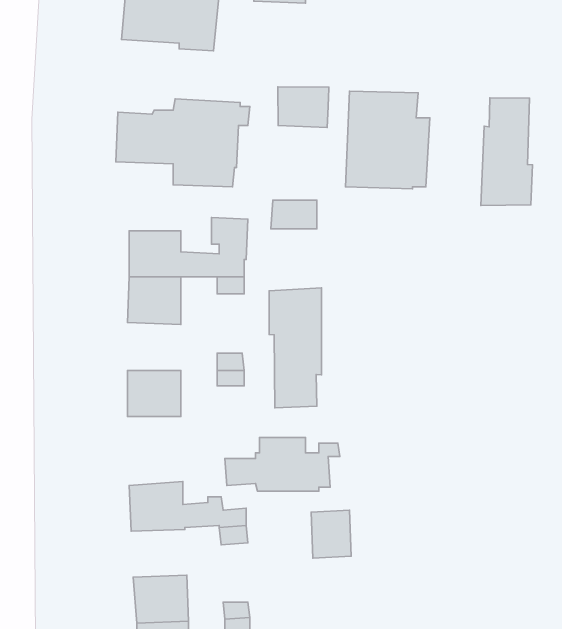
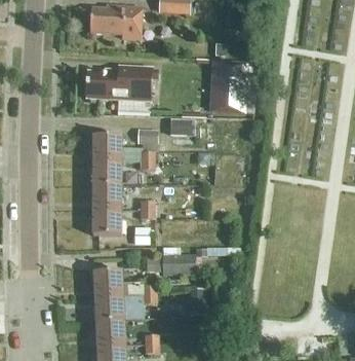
building: [278,87,329,128] -> none
building: [481,98,532,206] -> none
building: [269,288,321,408] -> none
building: none -> [93,184,122,210]
building: none -> [95,295,125,321]

